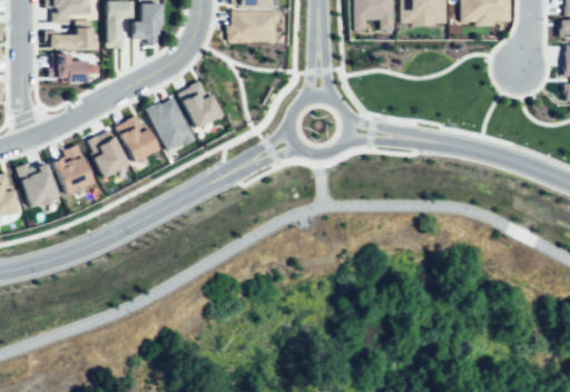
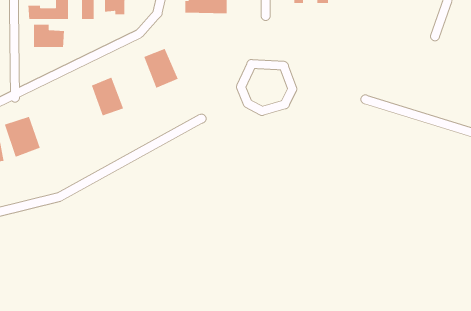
building: [148,97,197,153] -> none
building: [87,129,130,178] -> none
building: [55,145,96,196] -> none

